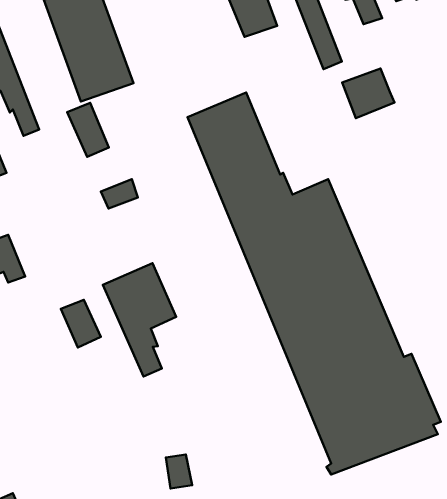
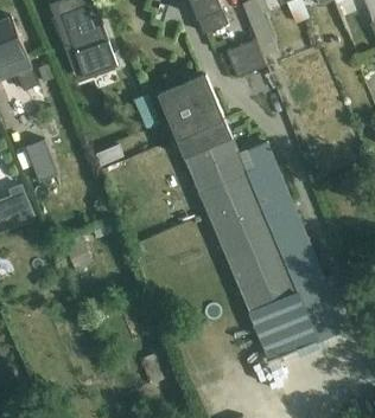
building: [342,69,395,118] -> [225,39,266,77]
building: [67,103,109,157] -> [24,140,56,181]
building: [103,263,176,376] -> none

